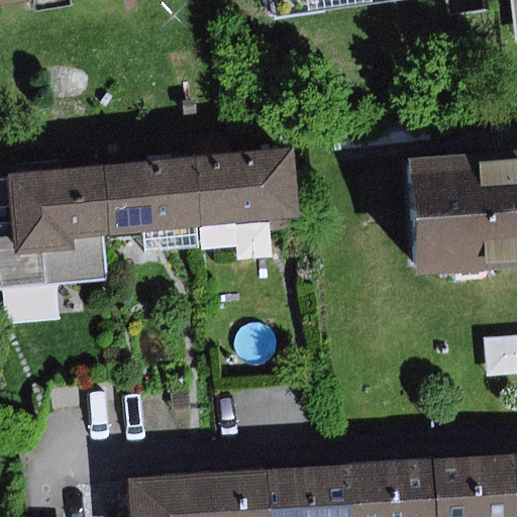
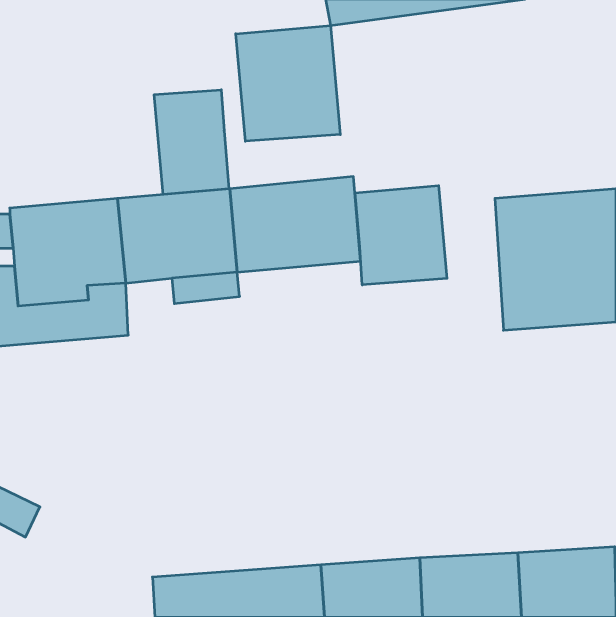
building: none -> [236,25,340,141]
building: none -> [154,90,229,194]
building: none -> [355,186,447,285]

